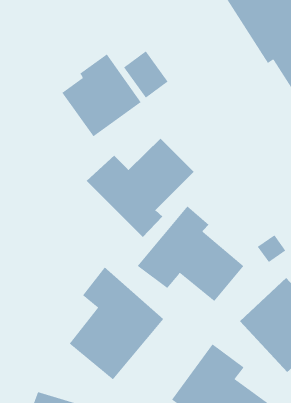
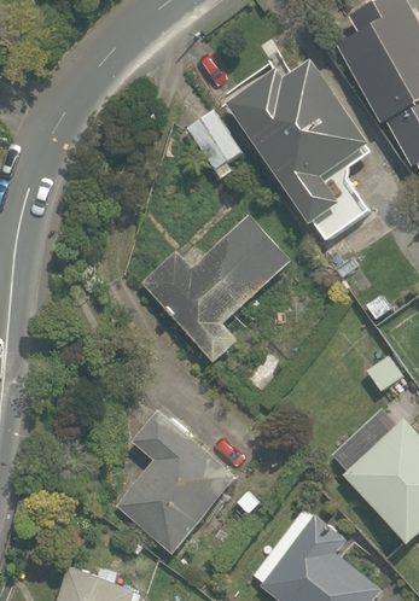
building: none -> [227,62,372,243]
building: [61,54,141,137] -> none
building: [137,205,244,302] -> none

